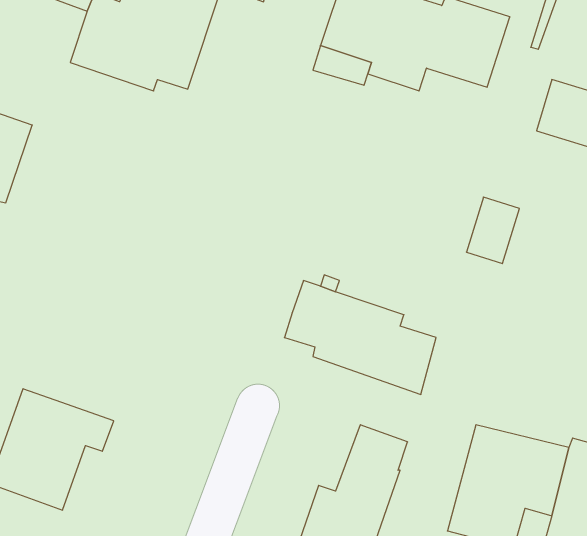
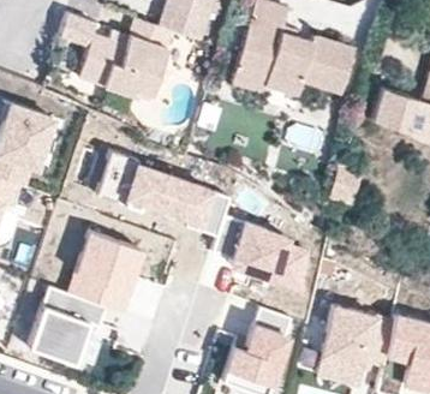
building: none -> [98,153,232,237]
building: none -> [68,231,141,311]

